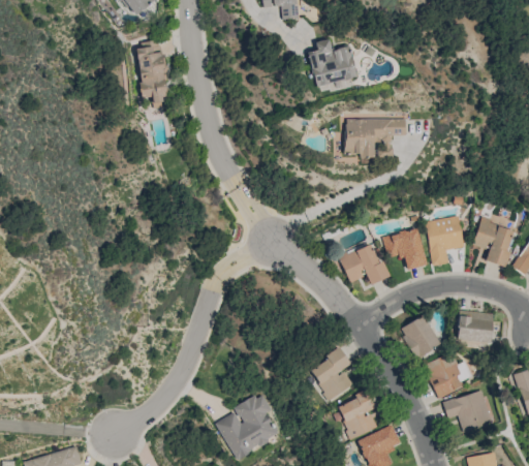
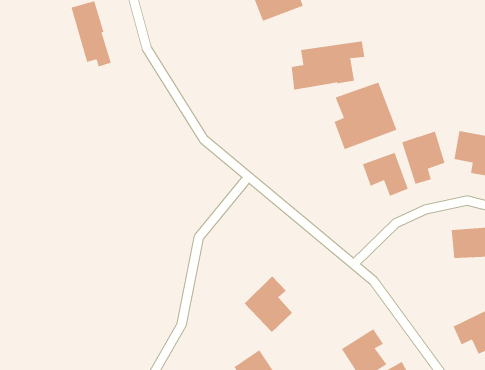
building: none -> [334,81,398,150]
building: [339,242,388,284] -> none
building: [399,314,441,359] -> none
building: [309,347,353,401] -> [244,276,293,333]
building: [423,351,473,399] -> none

